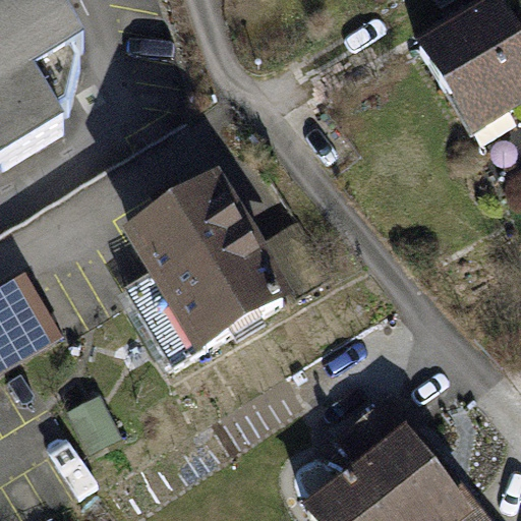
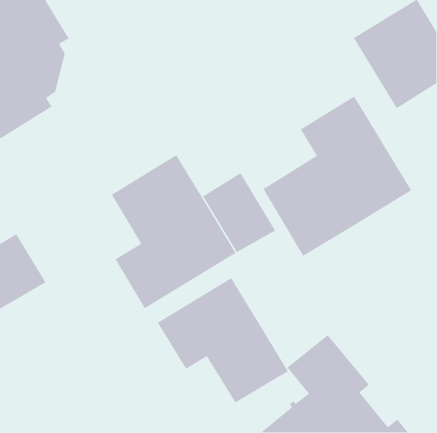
building: none -> [262,96,412,257]
building: none -> [157,277,289,404]

